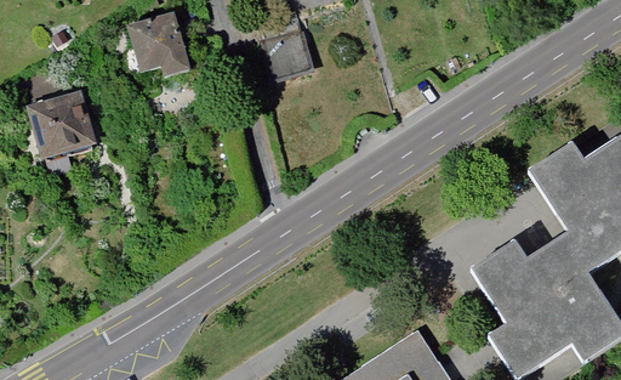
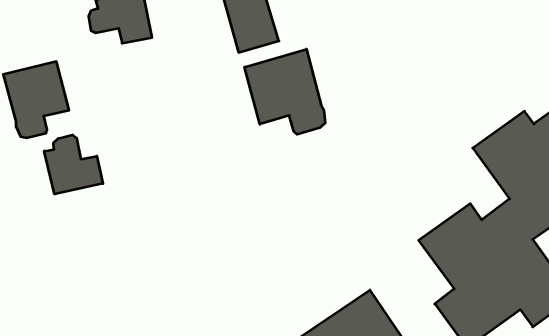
building: none -> [245,49,325,134]
building: none -> [44,135,103,194]

